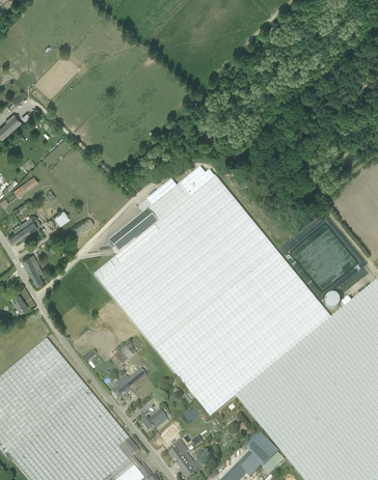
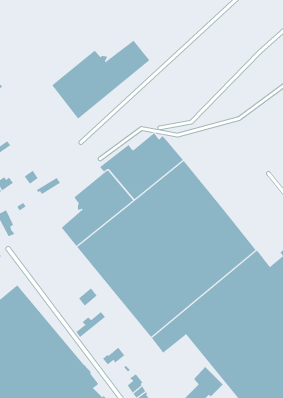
building: none -> [52,40,150,119]

